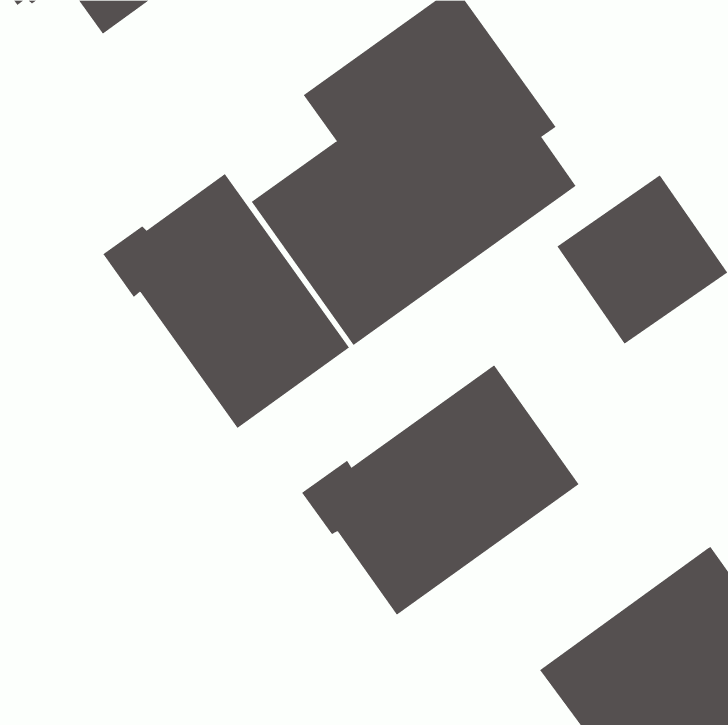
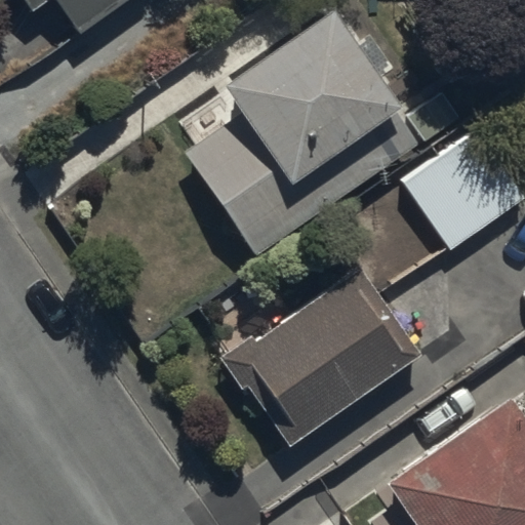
building: [102,173,350,429] -> none

